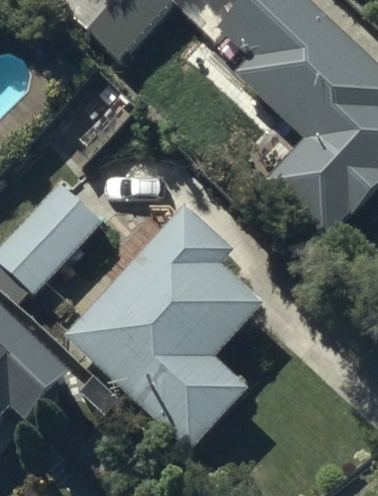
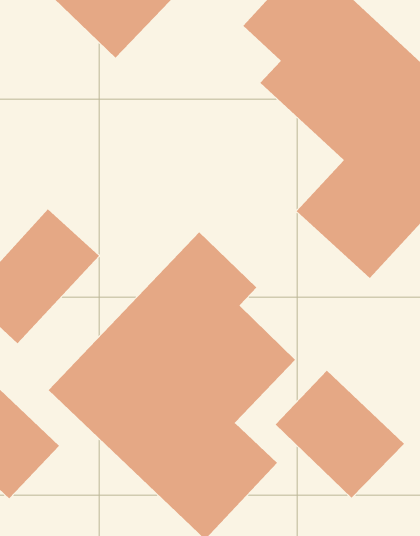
building: none -> [275,370,405,499]

